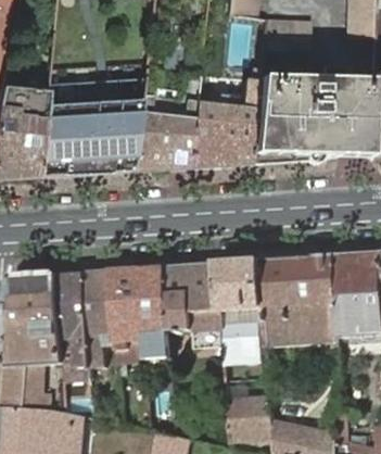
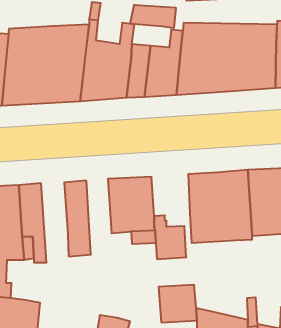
building: none -> [130,5,176,28]
building: [220,260,267,311] -> none
building: [141,265,174,357] -> none
building: [86,269,118,367] -> none

